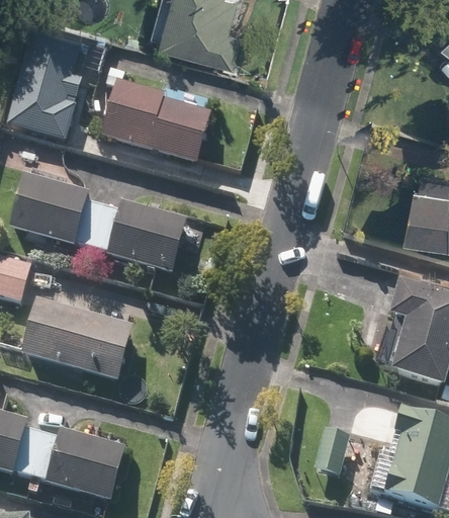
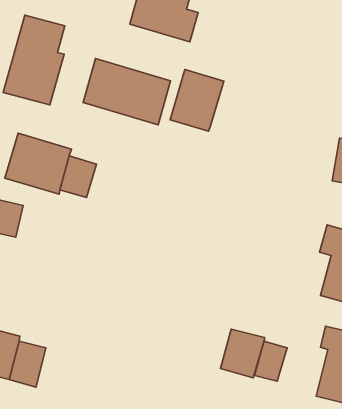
building: none -> [170,69,224,131]
building: [108,202,186,271] -> none
building: [20,297,132,380] -> none
building: none -> [220,329,264,378]
building: [46,427,125,498] -> none

